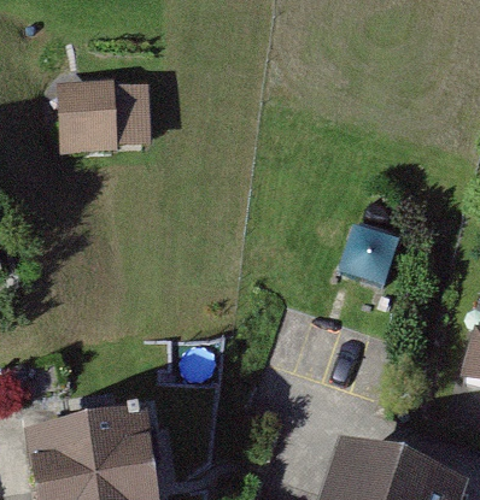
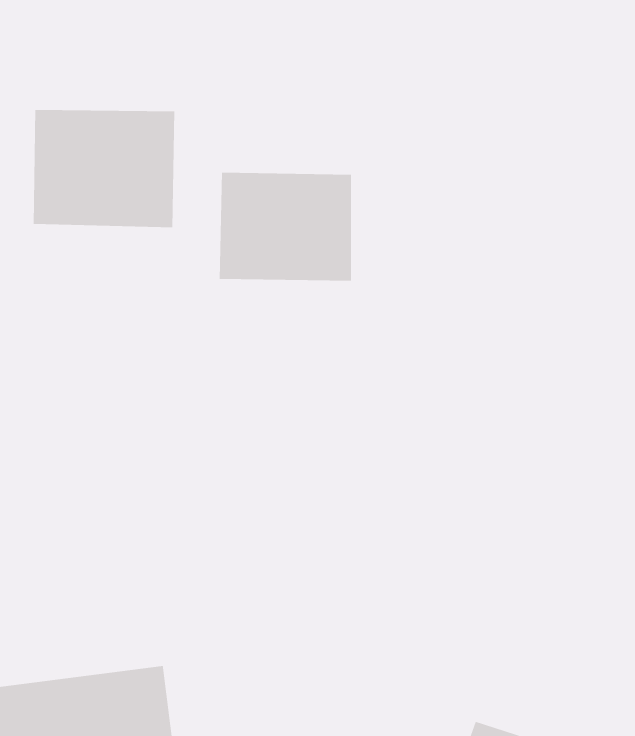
building: none -> [219,172,352,282]

